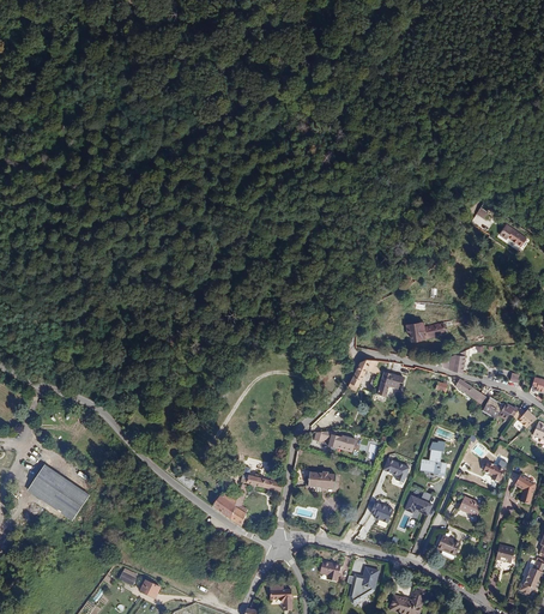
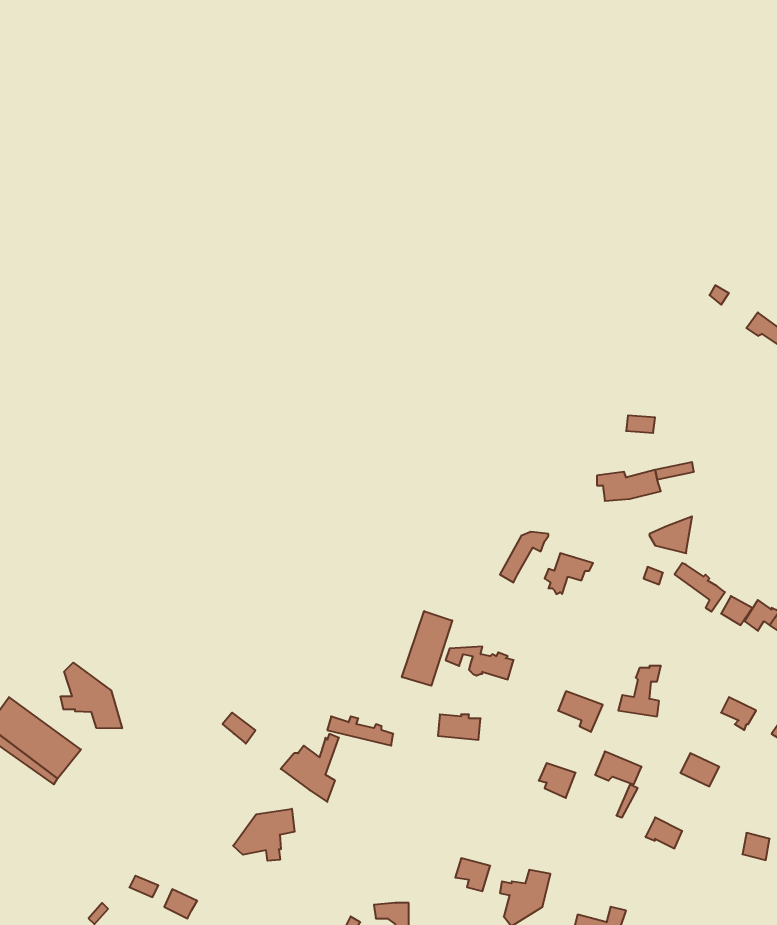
building: none -> [402,611,452,686]
building: none -> [61,663,122,728]
building: none -> [233,809,295,861]

